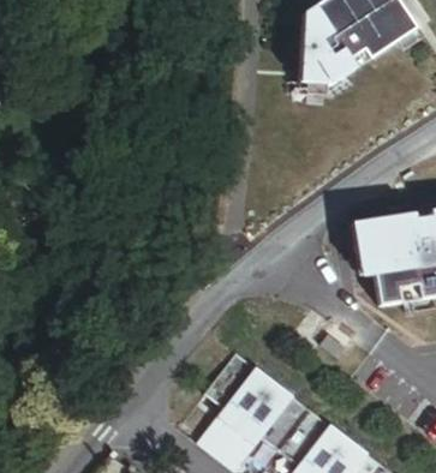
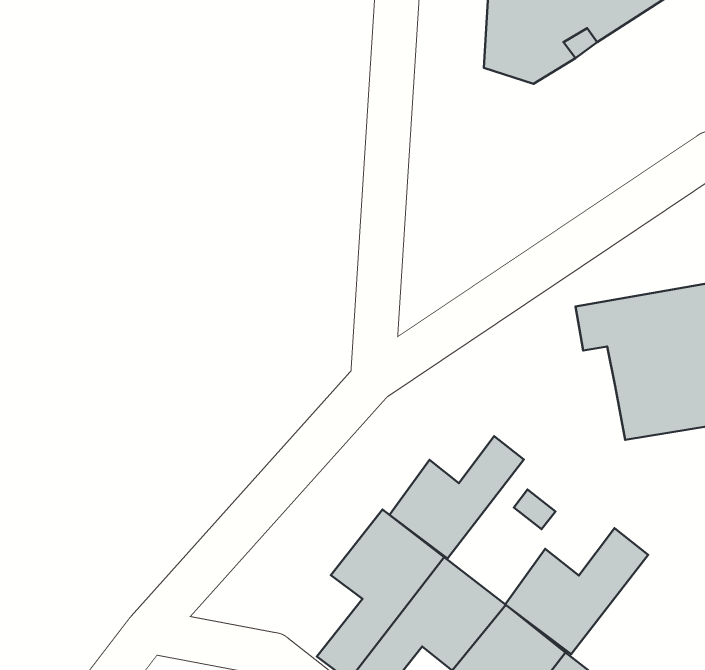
building: none -> [389,436,524,558]
building: none -> [505,528,648,654]

